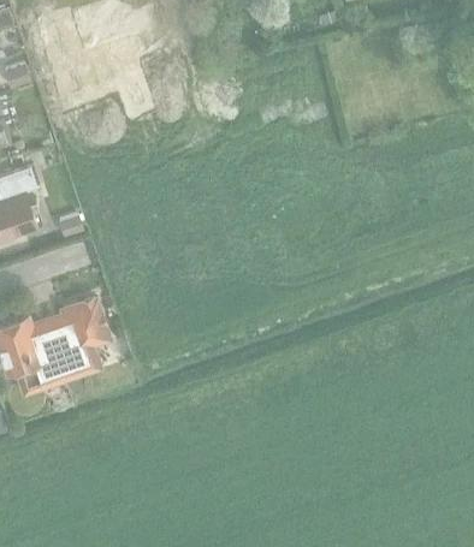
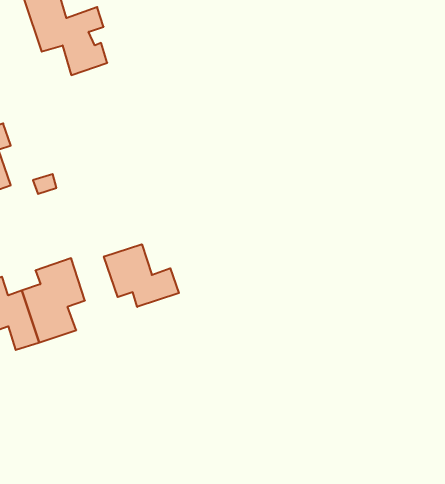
building: none -> [104,244,179,307]

